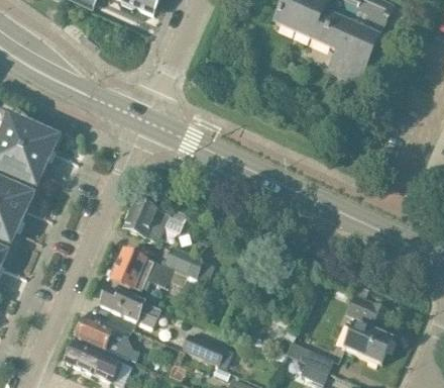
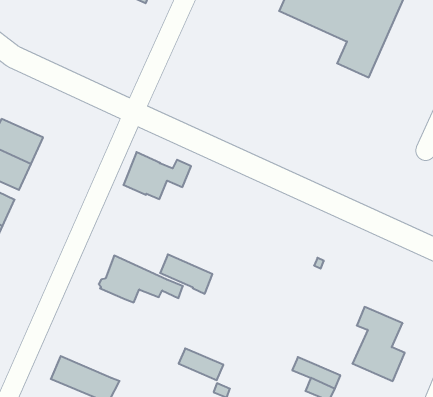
building: [123,197,186,240] -> [123,152,191,199]
building: [99,285,159,326] -> none
building: [76,316,138,359] -> none

